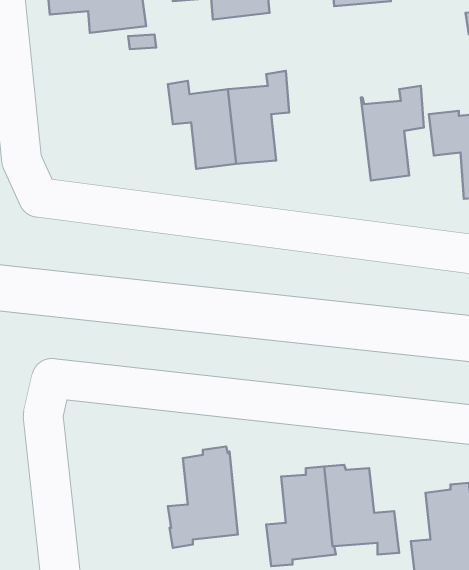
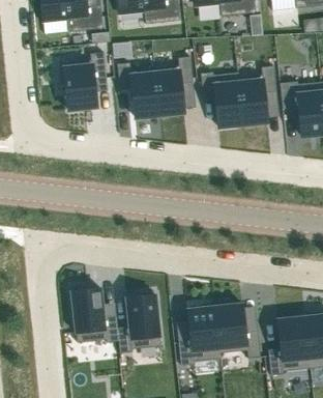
building: none -> [60,53,107,111]
building: none -> [201,73,243,127]
building: none -> [71,286,119,343]

